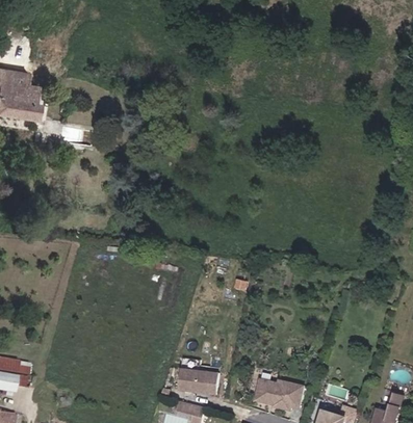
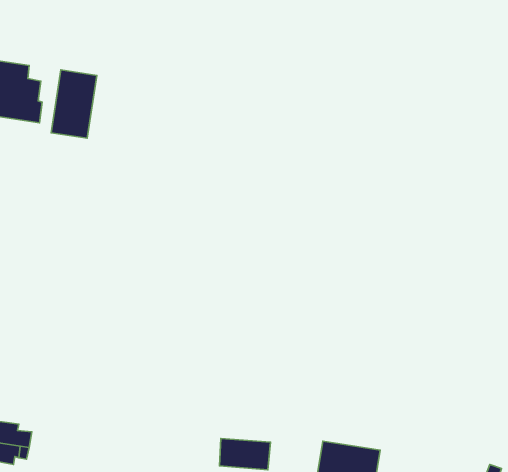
building: none -> [51,70,97,138]

